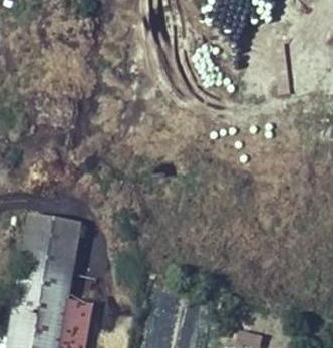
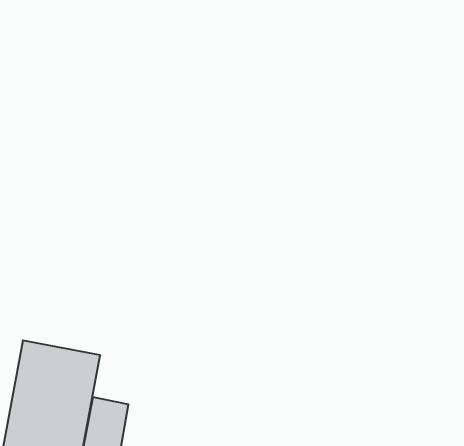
building: [21,211,84,272] -> none

